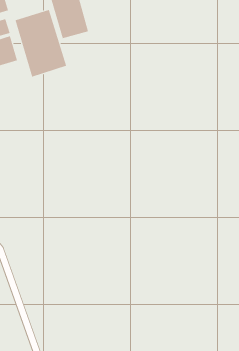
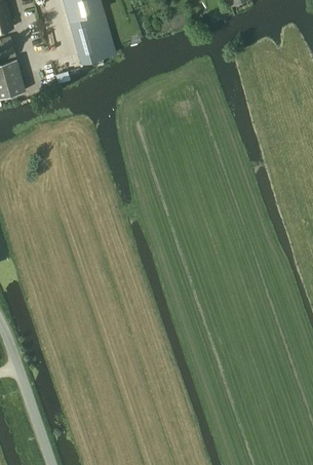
building: [15,9,67,77] -> none

